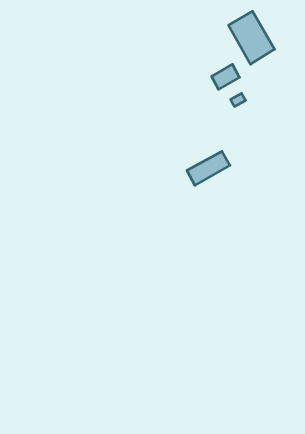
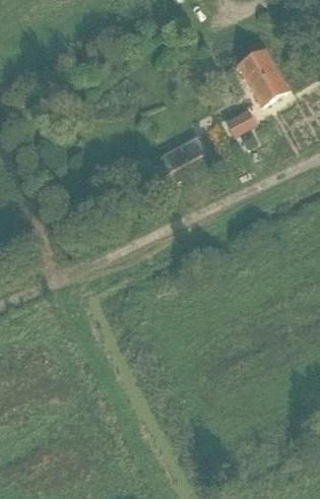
building: [187,151,230,185] -> [162,138,205,173]

